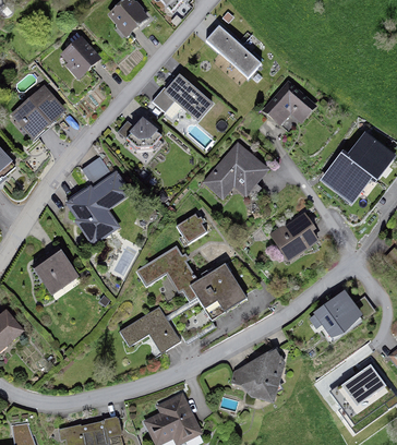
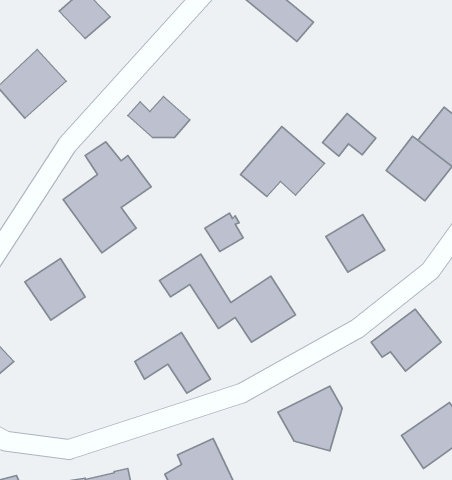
building: [149,79,216,124] -> none
building: [268,89,311,123] -> [322,114,376,156]

